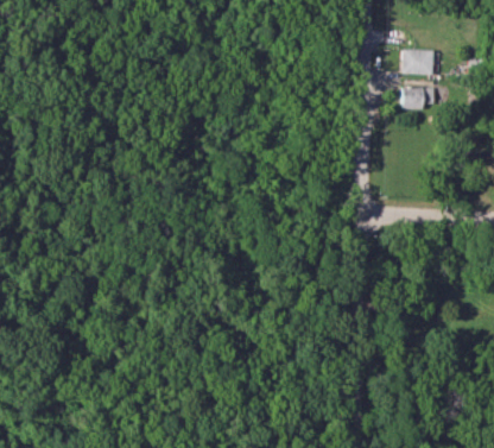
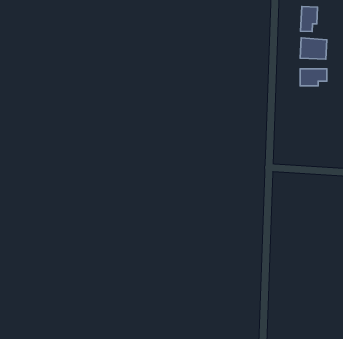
building: none -> [301,6,318,32]

